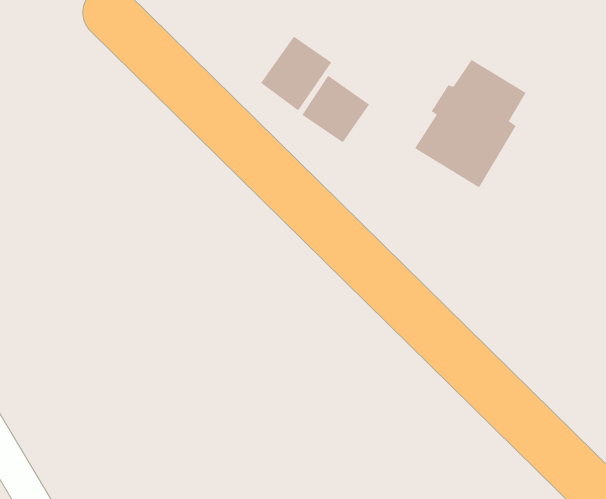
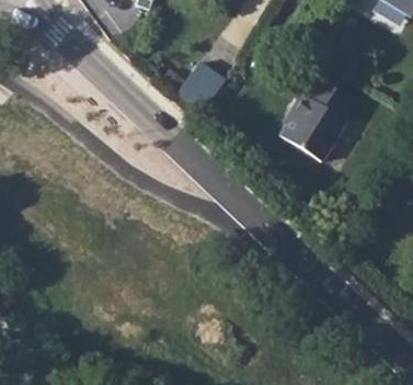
building: [302,75,370,143] -> none

